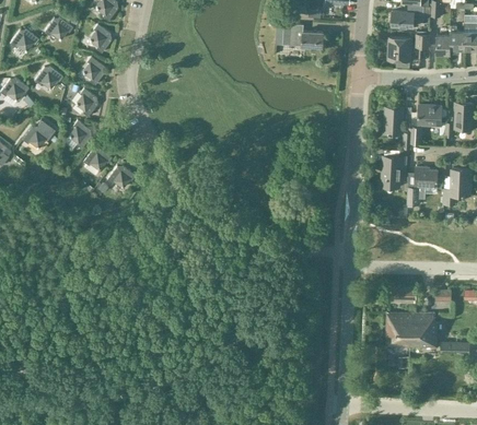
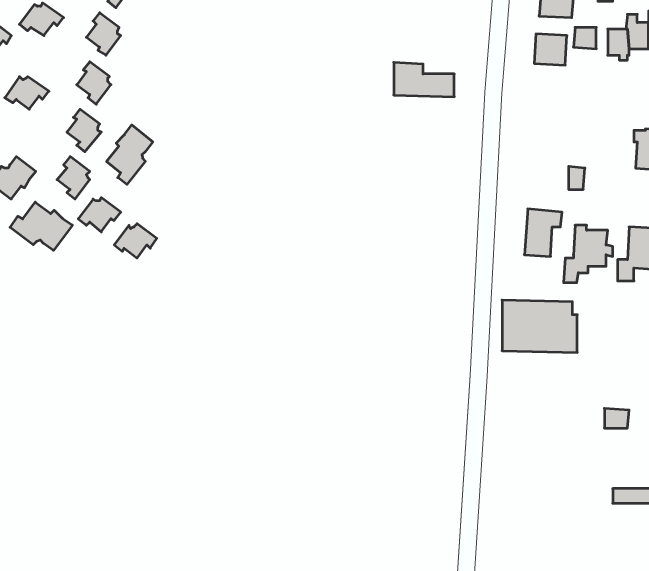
building: [284,24,325,47] -> [394,62,454,97]
building: none -> [107,125,153,184]
building: [418,104,449,125] -> none
building: [385,107,404,133] -> none
building: none -> [10,202,72,250]
building: [387,312,438,347] -> [502,300,577,352]

